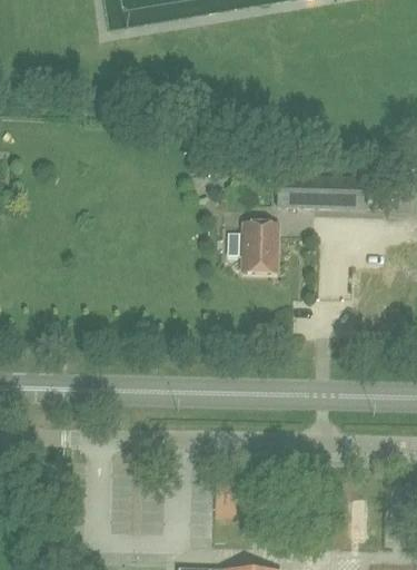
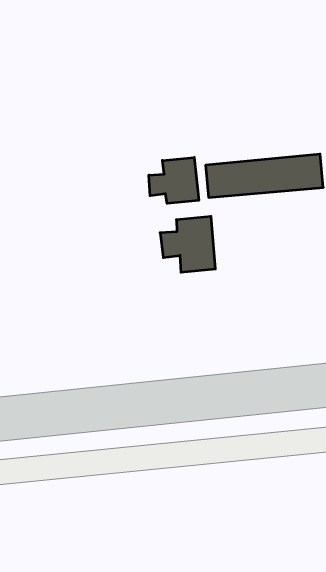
building: none -> [149,157,199,203]

